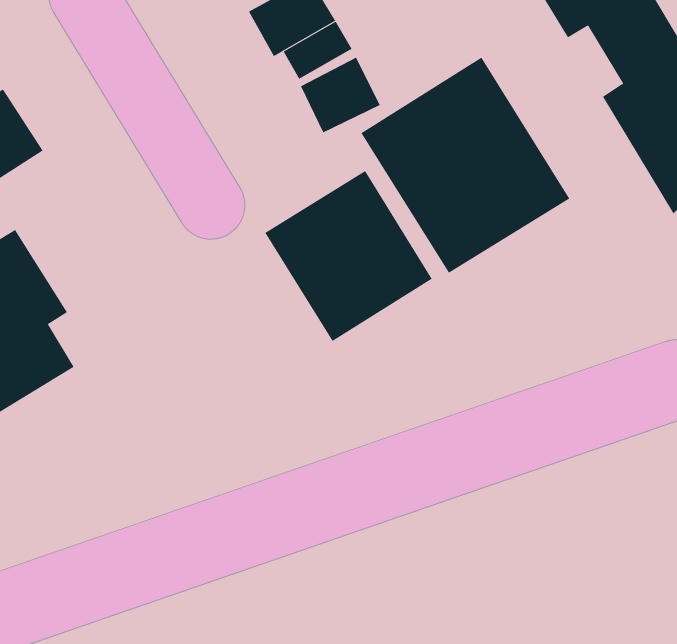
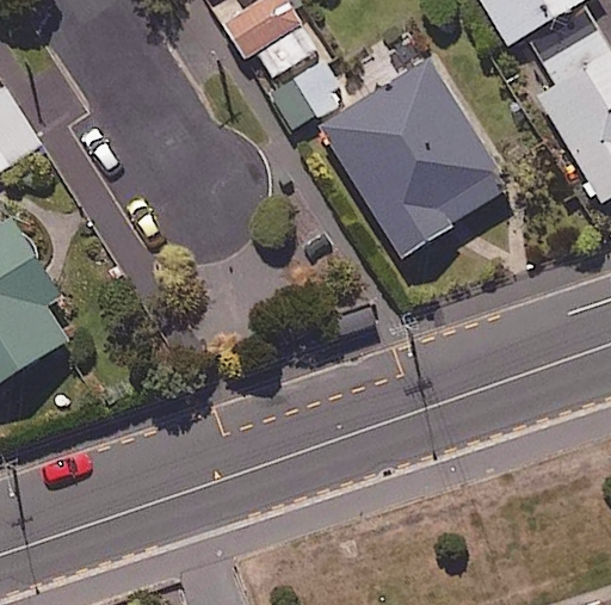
building: [264,170,432,342] -> none

